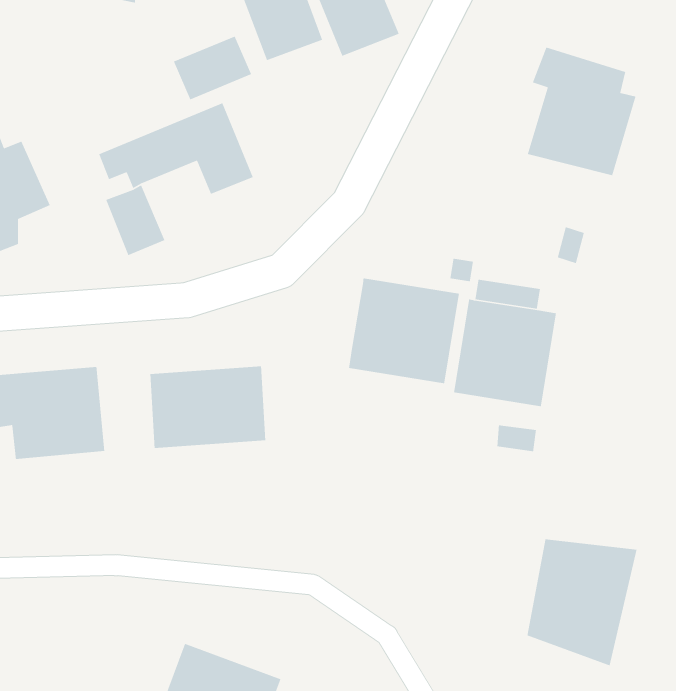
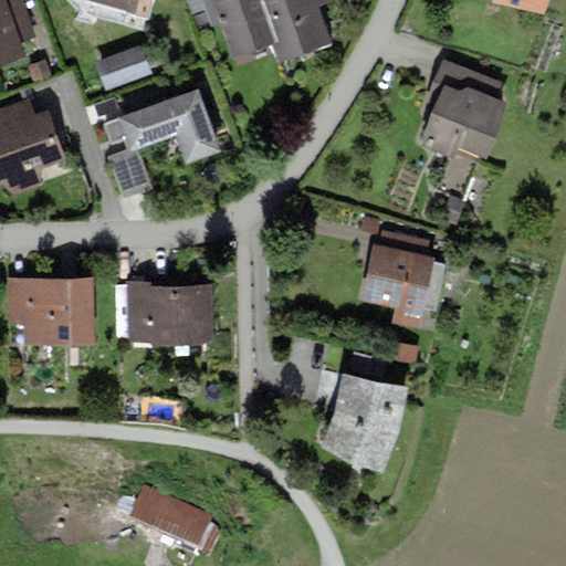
building: [173,35,252,100] -> [92,49,150,95]
building: [348,278,460,384] -> none
building: [527,538,637,667] -> [328,371,415,470]

